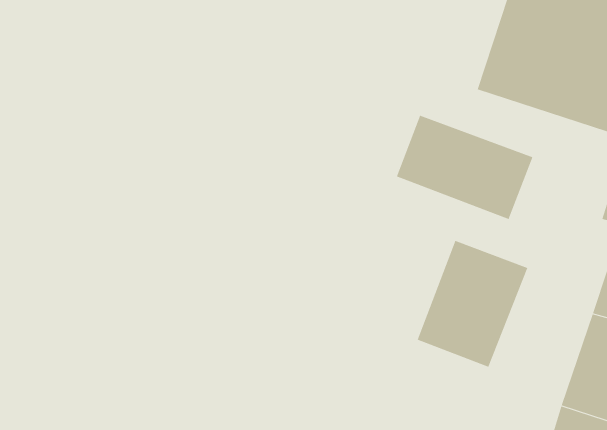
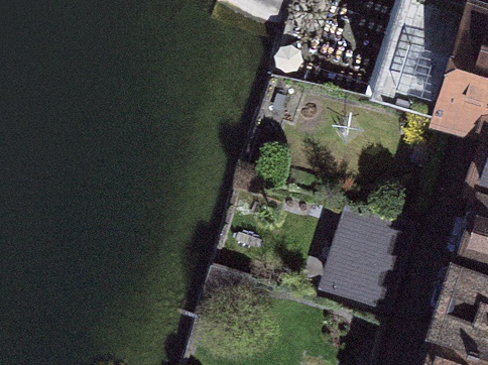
building: [396,115,533,220] -> none

